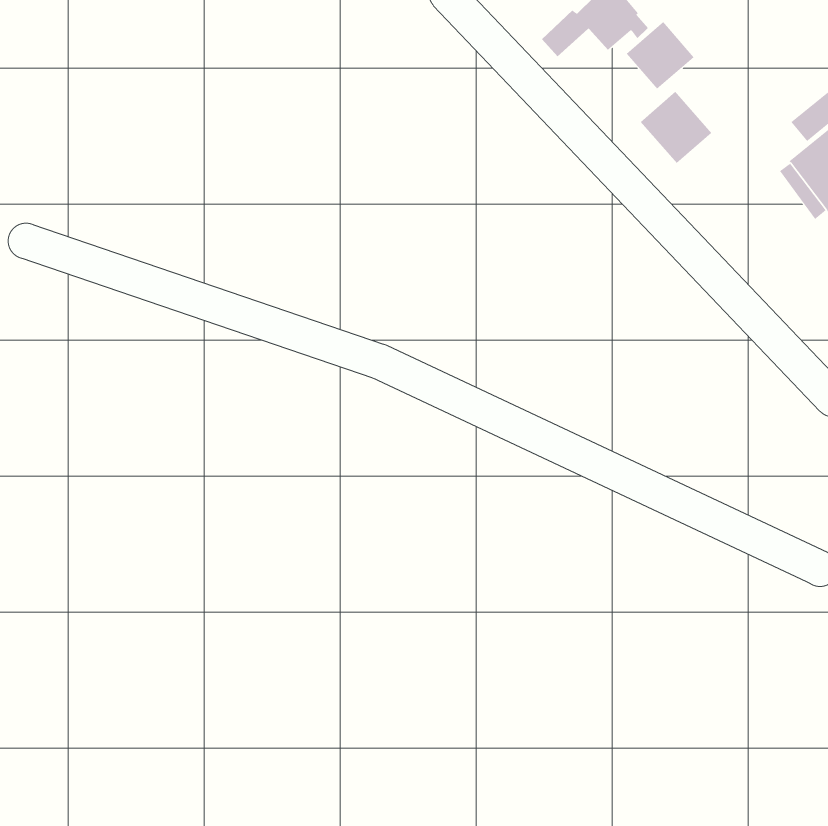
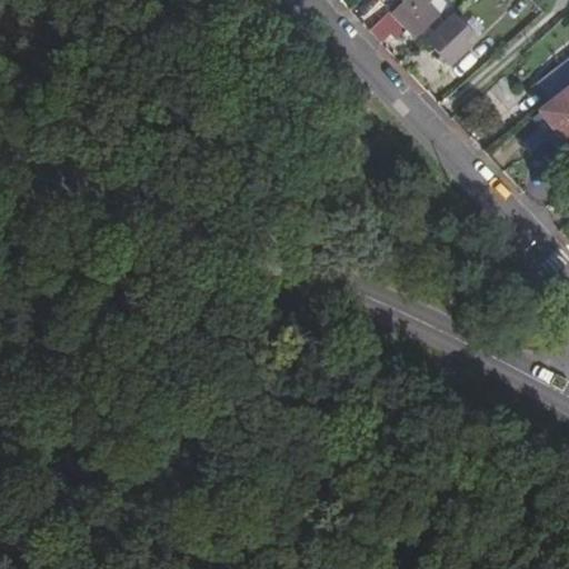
building: [640,91,712,164] -> none

